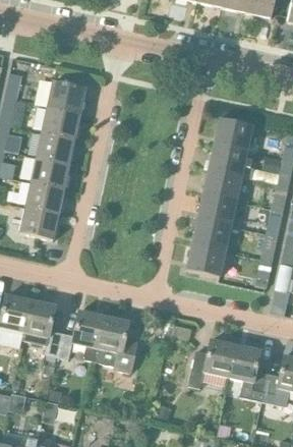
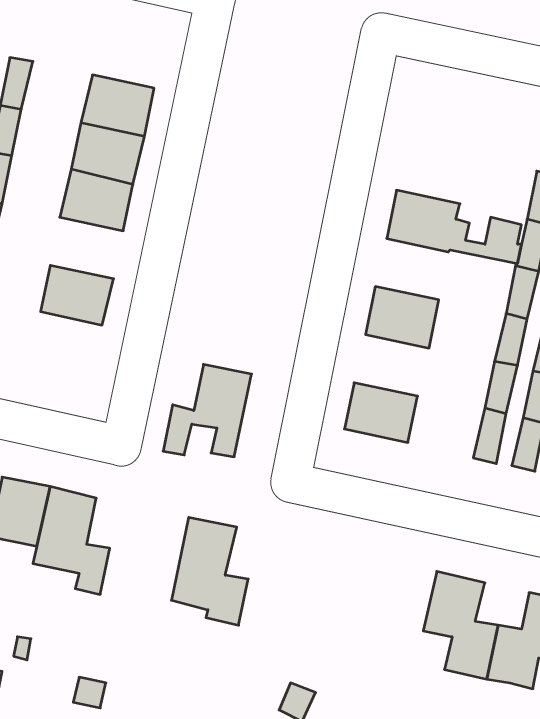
building: [214,117,252,150] -> none
building: [31,157,69,189] -> none
building: [202,168,241,201] -> none
building: [19,207,58,240] -> none
building: [191,219,231,252] -> none
building: [57,311,104,359] -> [163,364,252,457]
building: [188,339,235,388] -> none

